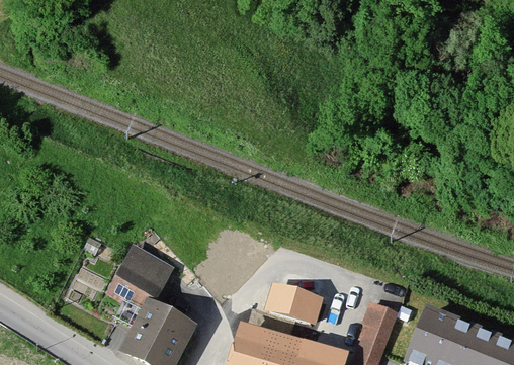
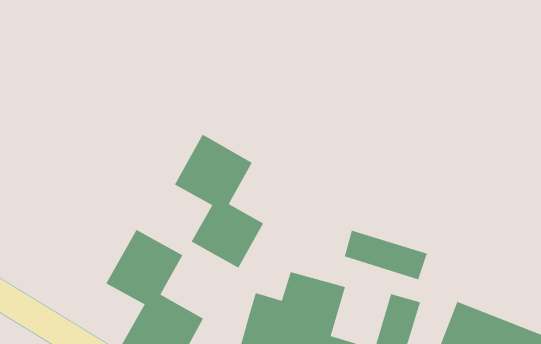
building: none -> [174,134,264,268]
building: none -> [344,230,427,280]

